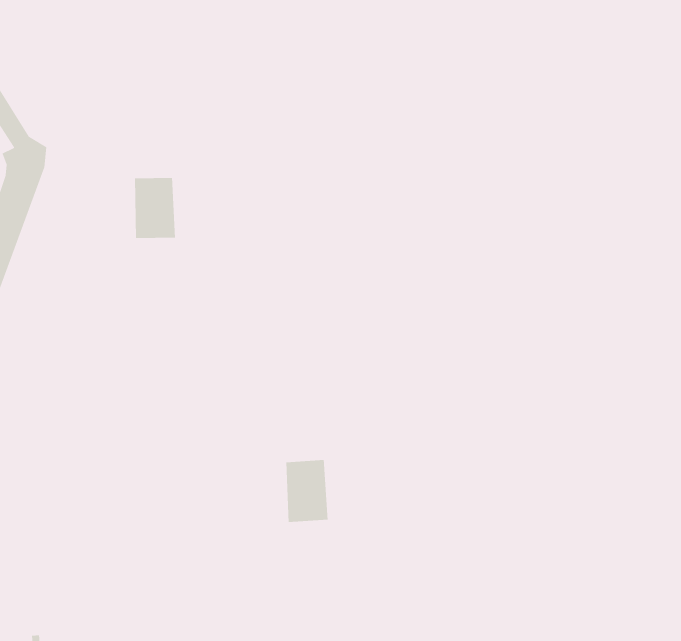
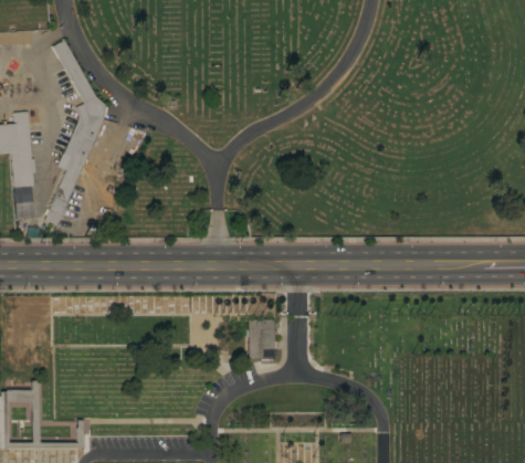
building: [134,177,176,239] -> none

